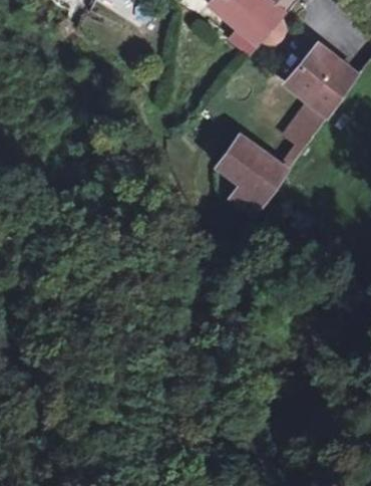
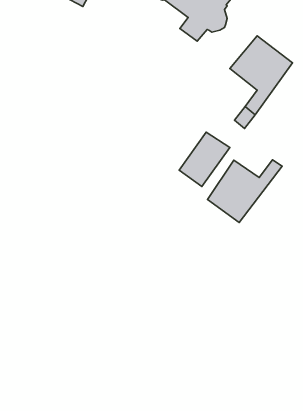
building: [217,135,261,180] -> none
building: none -> [207,160,282,223]

